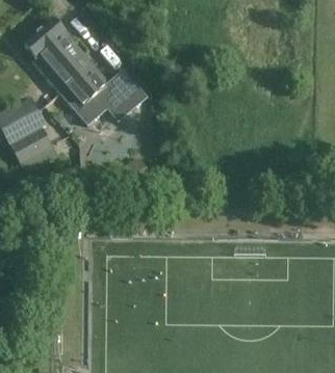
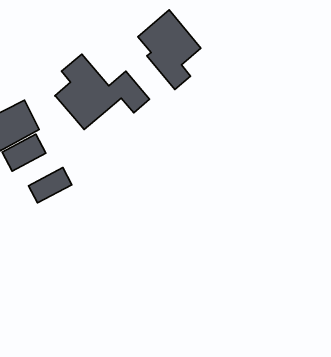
building: [24,19,82,92] -> [138,10,201,90]
building: none -> [28,168,72,203]

